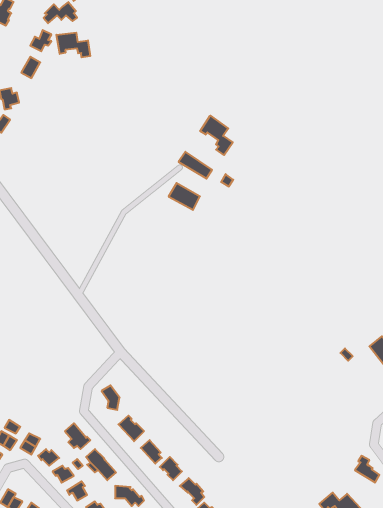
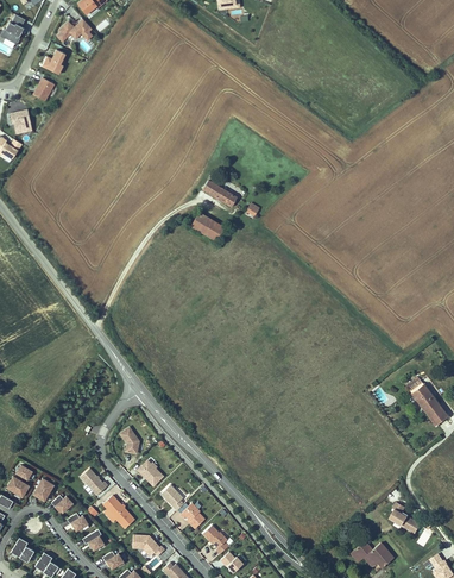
building: [56,33,90,57] -> none
building: [200,116,233,155] -> none

